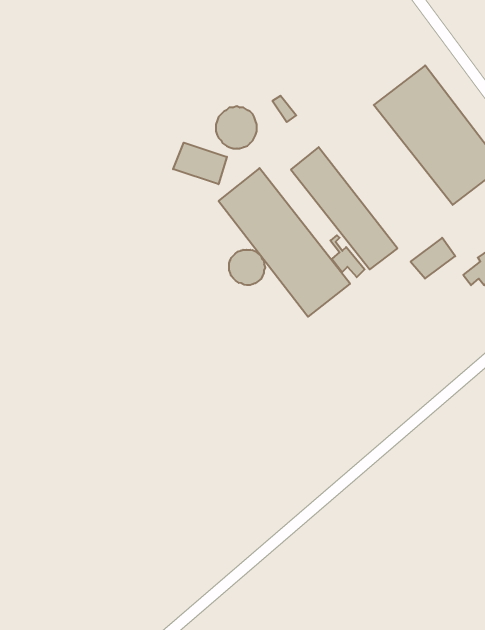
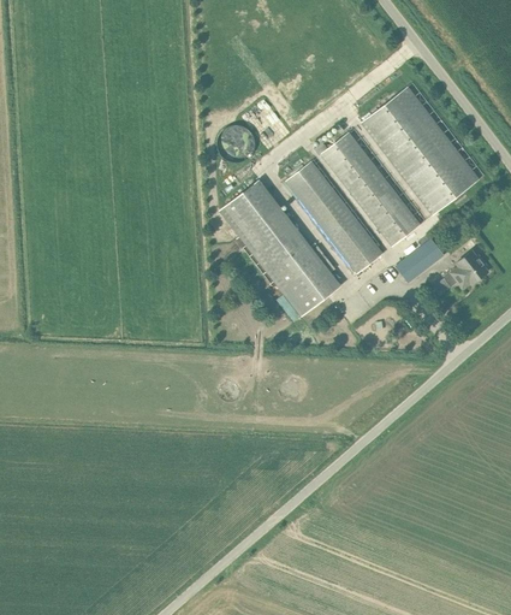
building: none -> [321,131,420,246]
building: [173,143,227,184] -> none
building: [229,250,265,285] -> none

